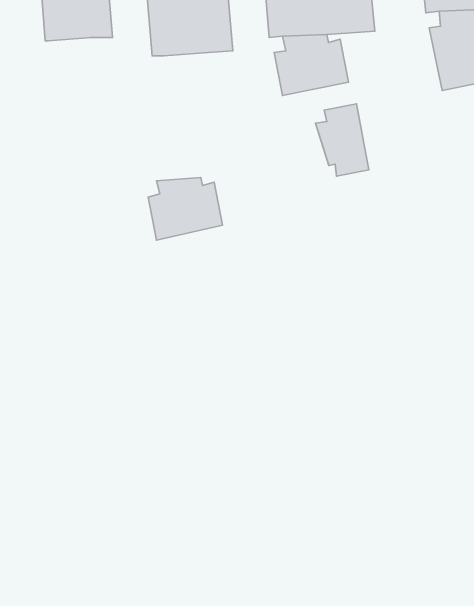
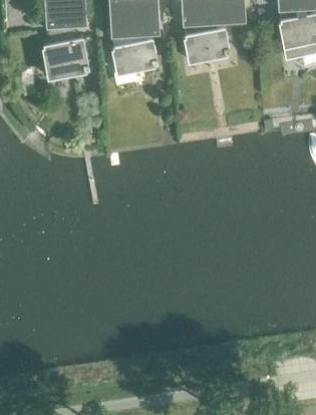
building: none -> [43,26,89,77]
building: [315,104,369,176] -> none
building: [148,177,222,240] -> [112,35,157,73]

